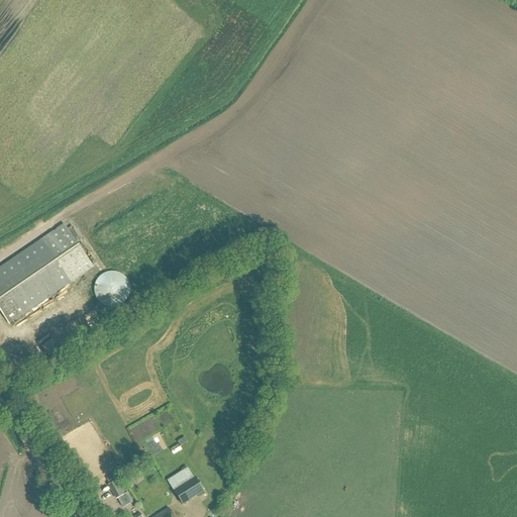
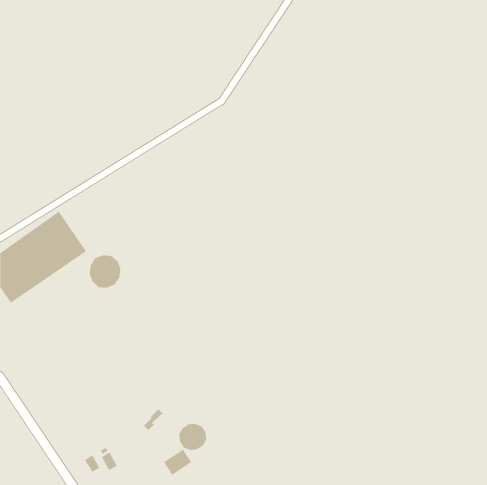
building: none -> [179,423,207,451]

